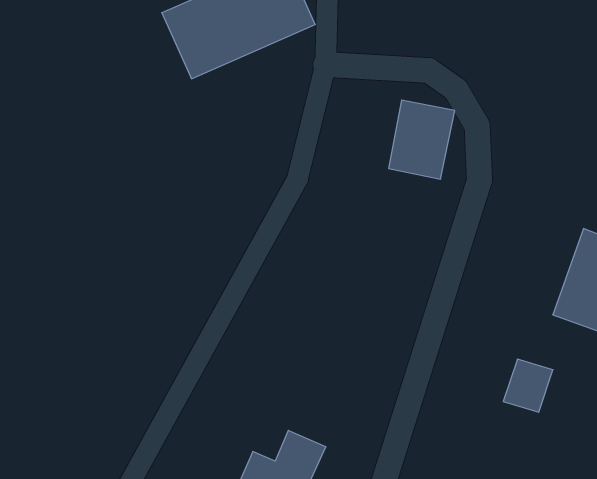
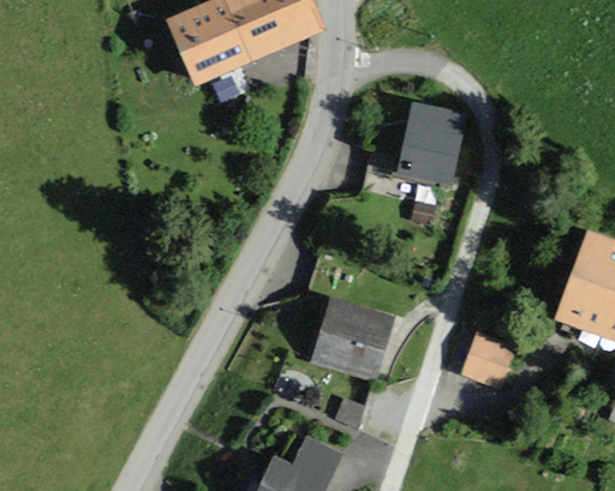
building: none -> [317,310,393,378]
building: [503,359,553,412] -> [460,340,510,394]

